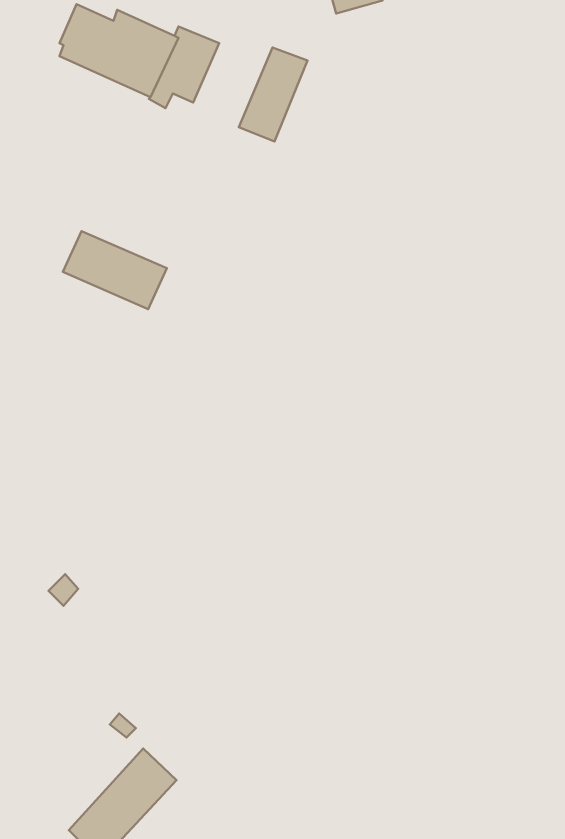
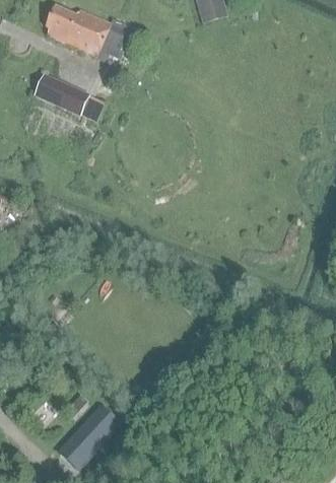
building: [239,47,308,141] -> none
building: [63,231,167,309] -> [35,74,91,117]

